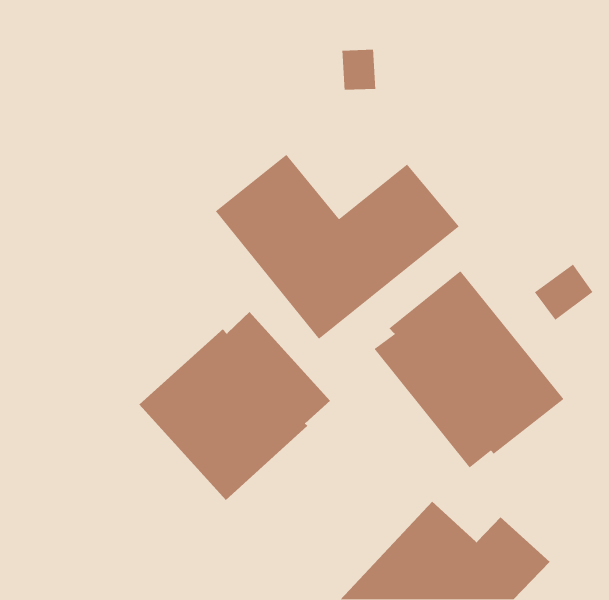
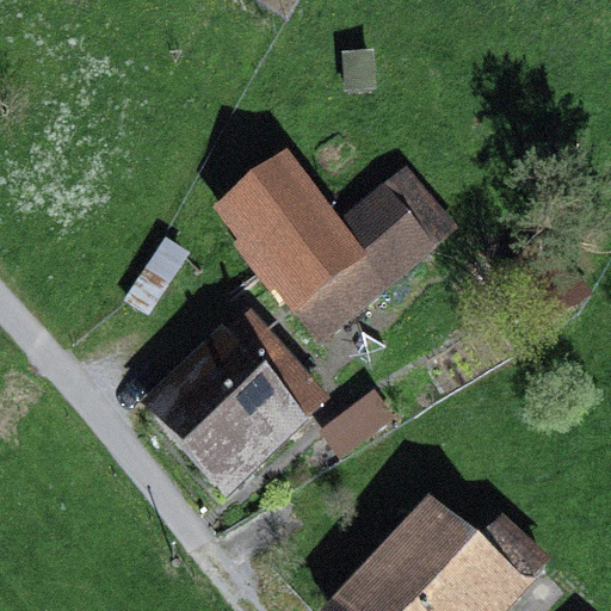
building: [373,270,564,469] -> none

